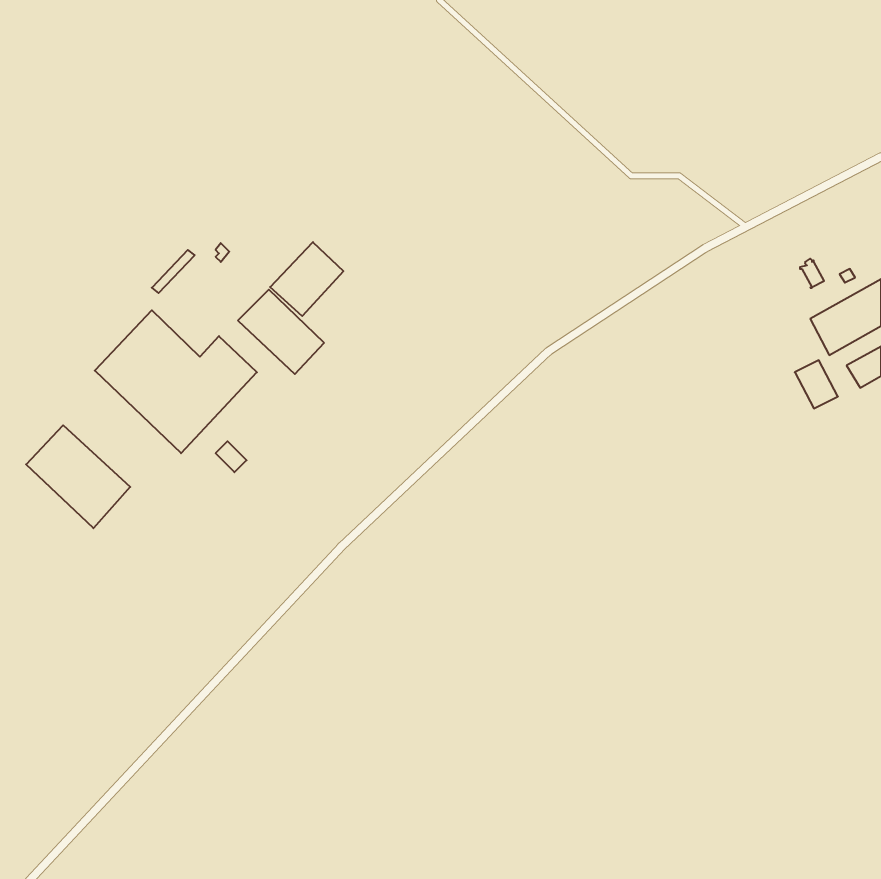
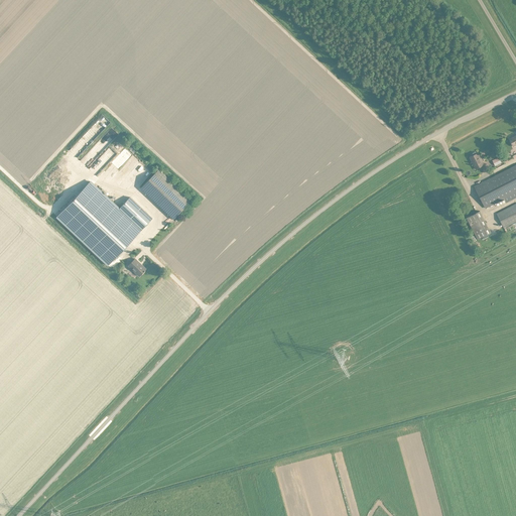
building: [270,242,343,316] -> none
building: [26,425,130,528] -> none

